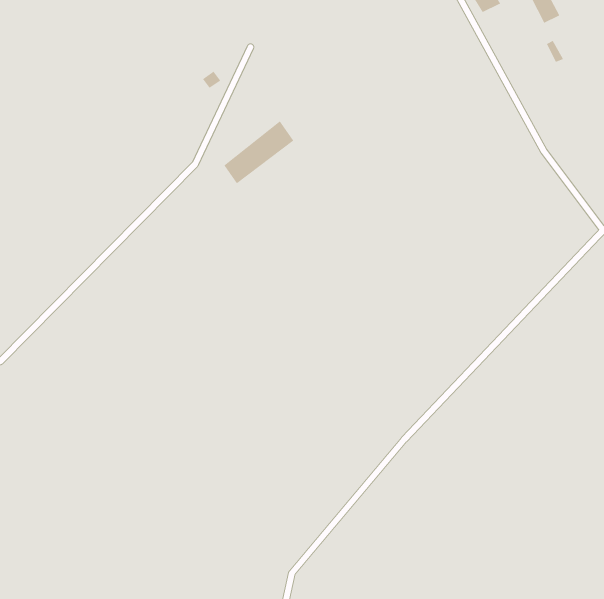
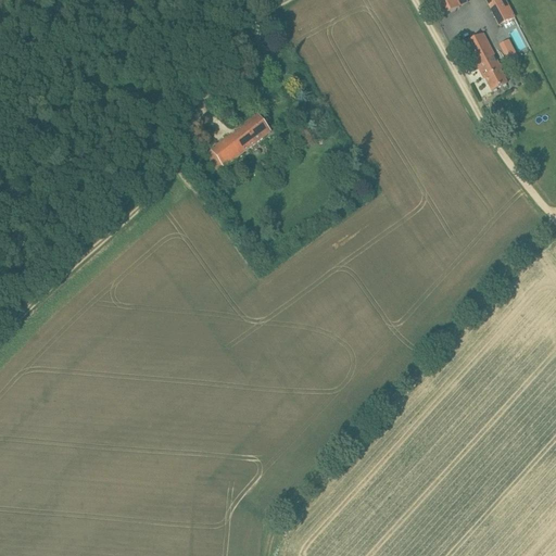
building: none -> [466,30,507,87]

